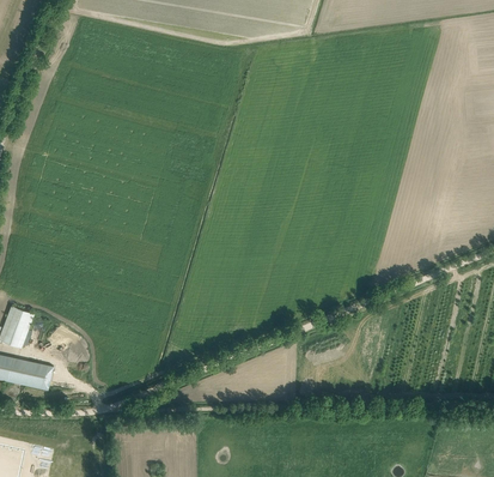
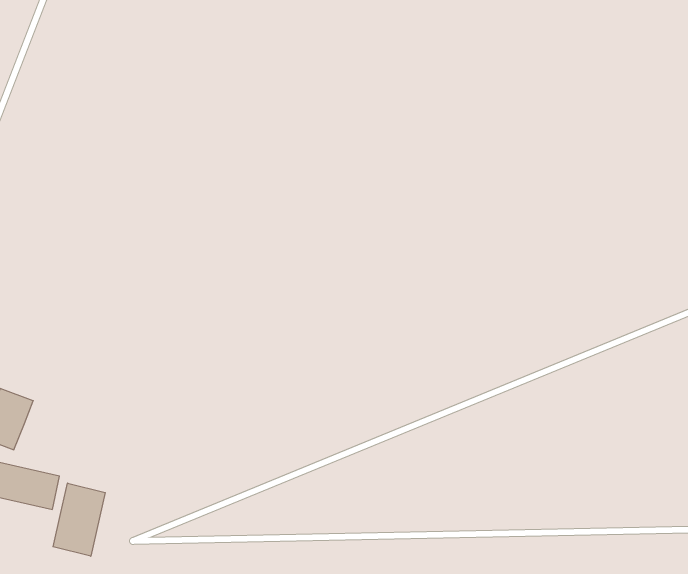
building: none -> [53,483,105,556]

